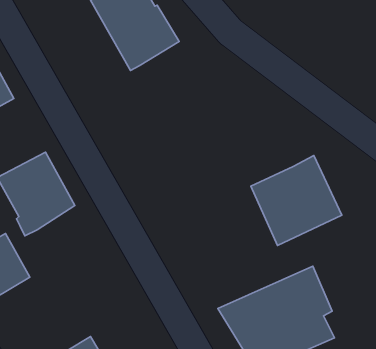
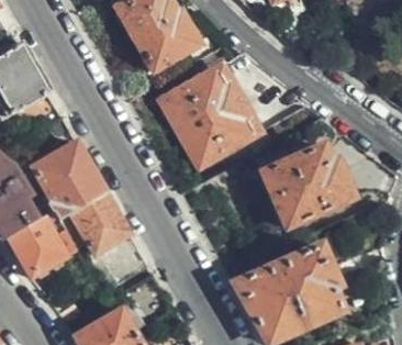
building: none -> [161,68,258,169]
building: none -> [70,192,146,282]

